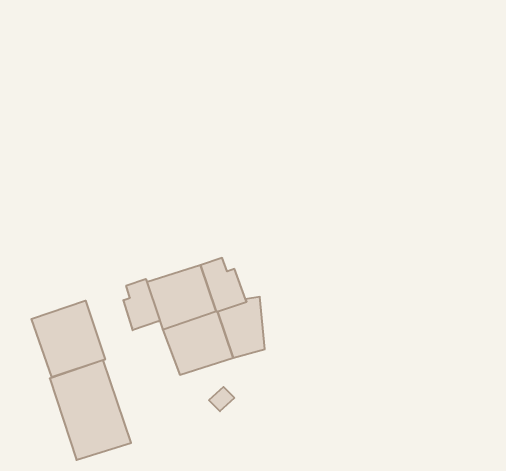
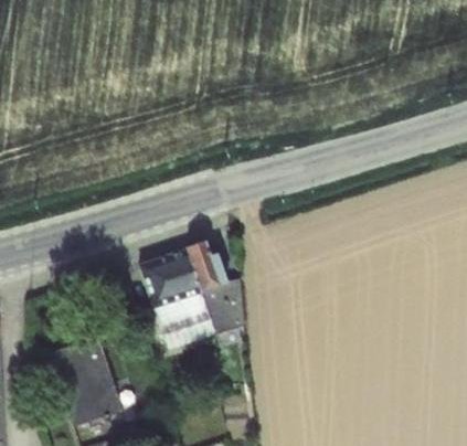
building: [123,279,160,330] -> none
building: [31,301,105,377] -> none

